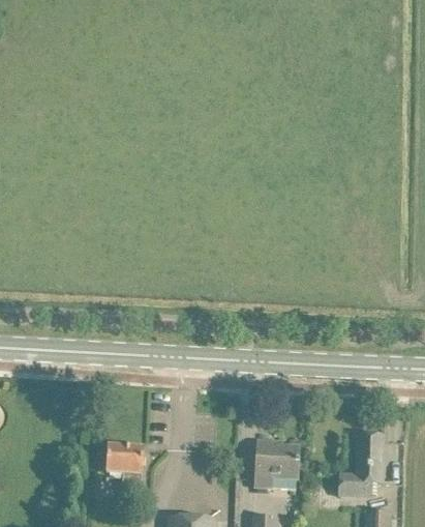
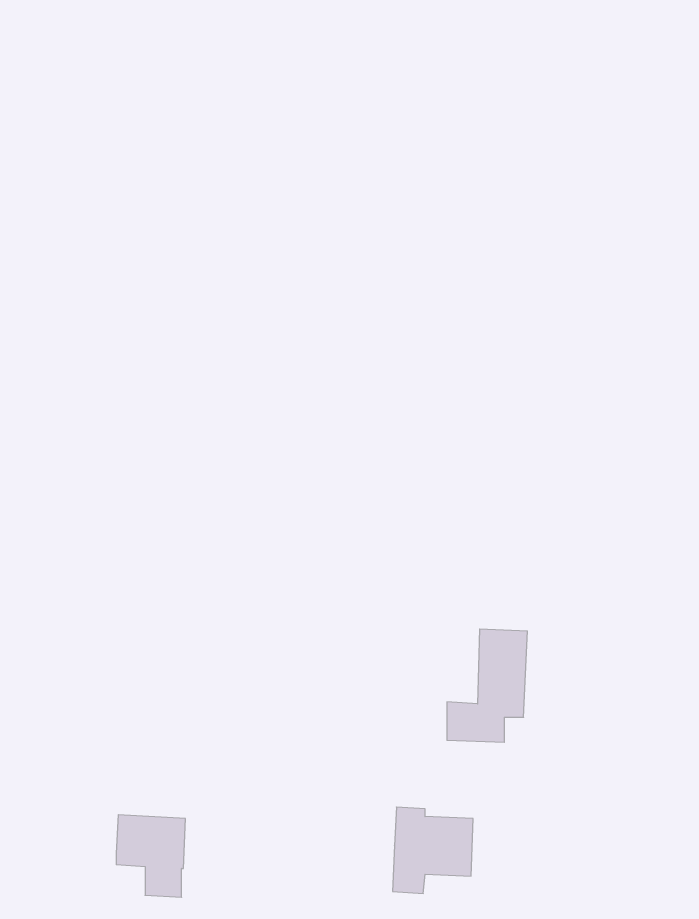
building: [340,435,384,496] -> [447,629,527,742]

